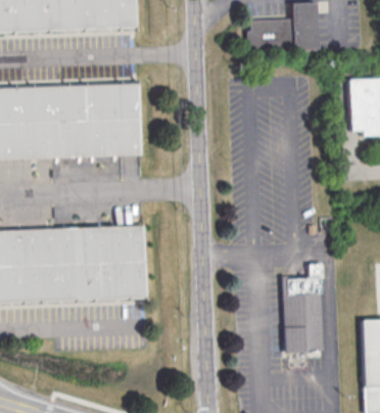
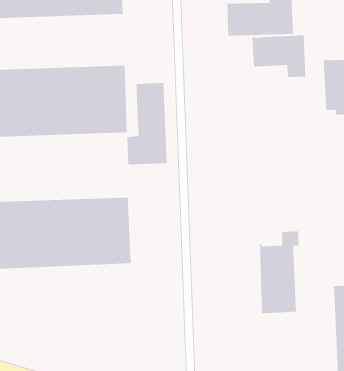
building: none -> [252,35,306,78]
building: none -> [127,82,167,165]

